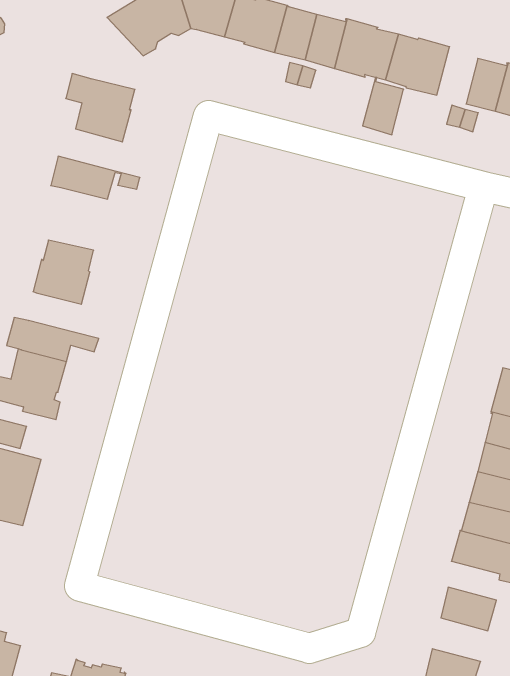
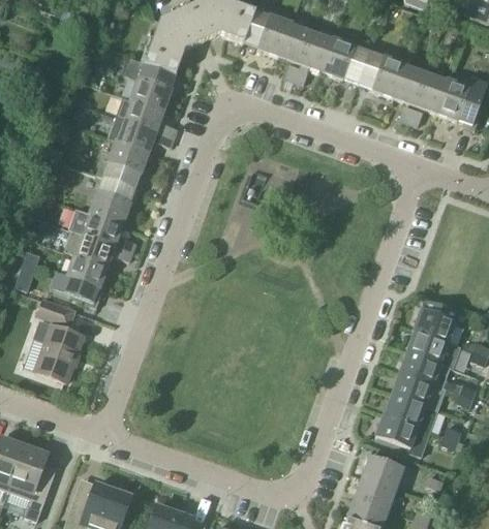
building: none -> [145,20,184,73]
building: [363,77,404,135] -> [394,63,426,105]
building: none -> [116,96,177,137]
building: none -> [96,139,149,187]
building: none -> [69,209,136,251]
building: none -> [355,475,396,509]

